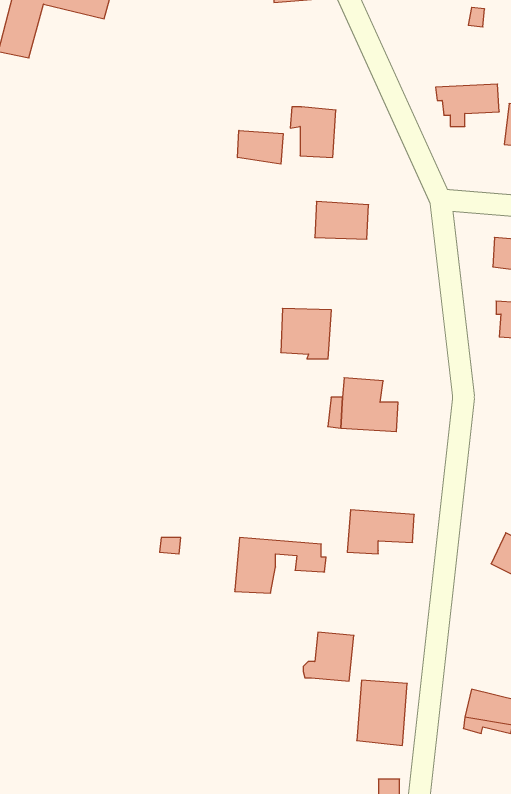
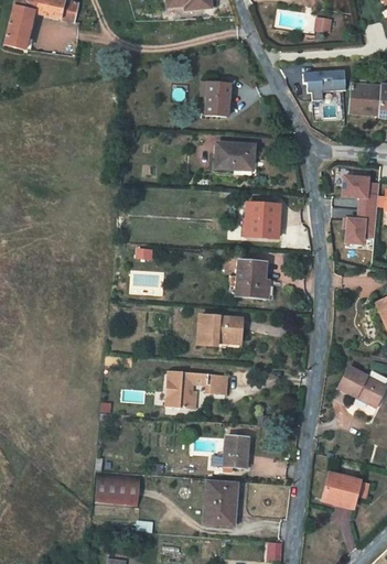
building: [238,130,283,164] -> none
building: [281,308,331,359] -> [249,207,283,241]
building: [347,510,414,554] -> [198,319,244,349]
building: [357,680,407,745] -> [201,485,235,529]
building: none -> [95,476,139,509]

